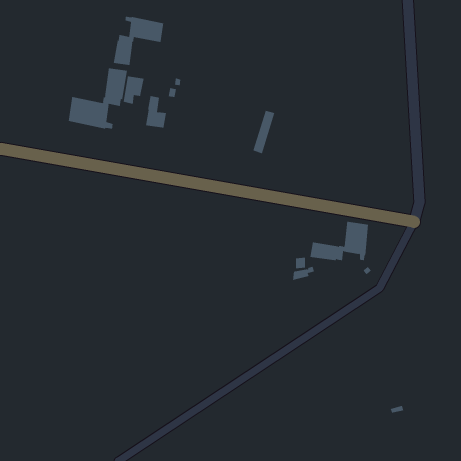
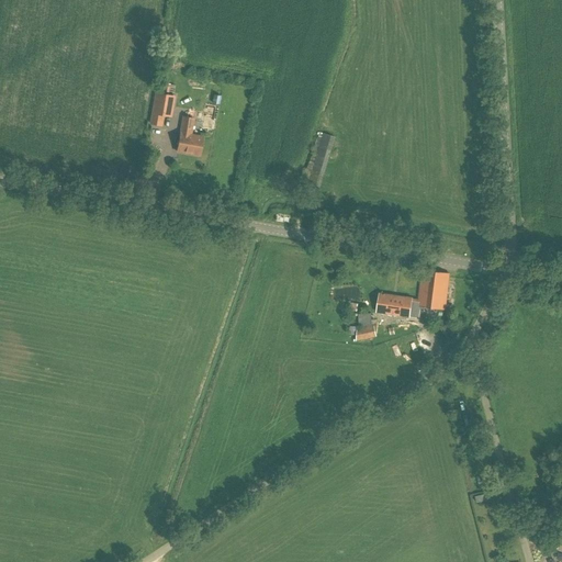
building: [113,16,164,66] -> none
building: [68,67,128,130] -> none

